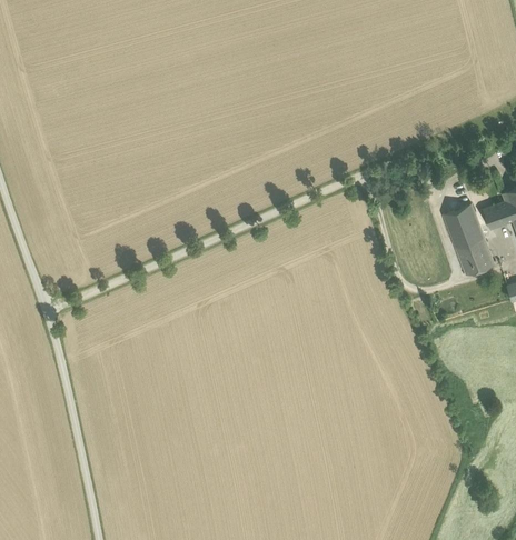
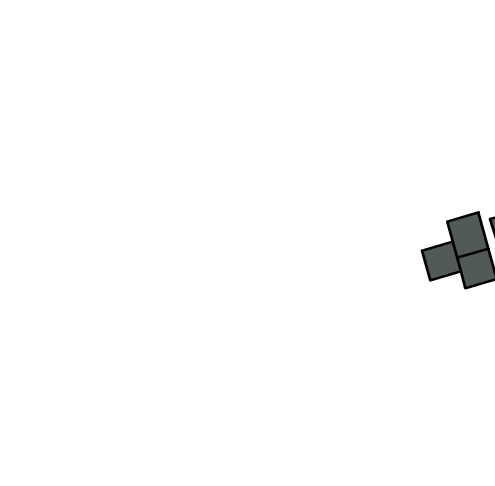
building: none -> [422,242,461,280]

